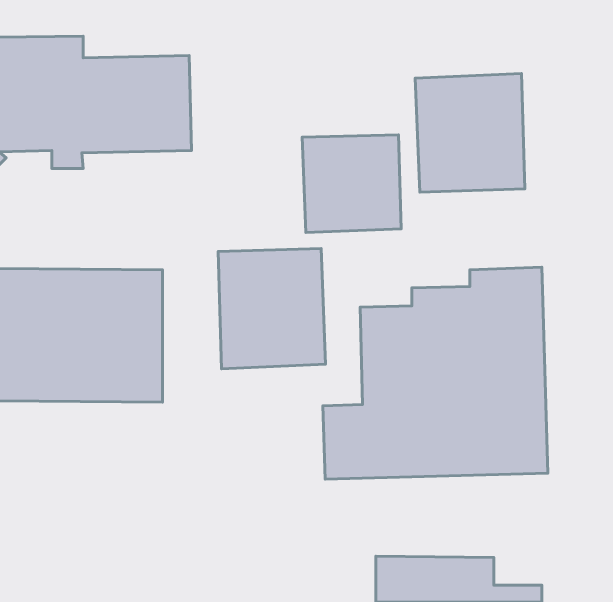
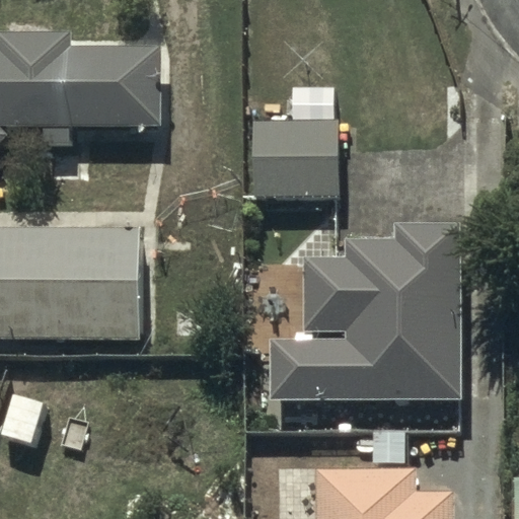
building: [415,73,525,192] -> none
building: [218,249,326,369] -> none

